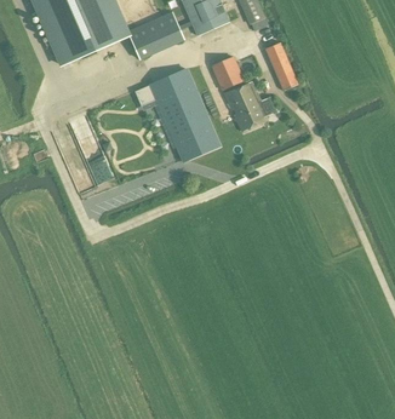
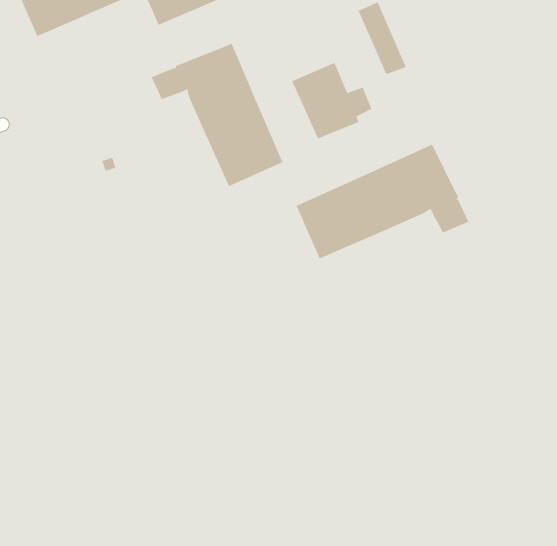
building: [212,57,244,90] -> none
building: none -> [296,143,469,260]

